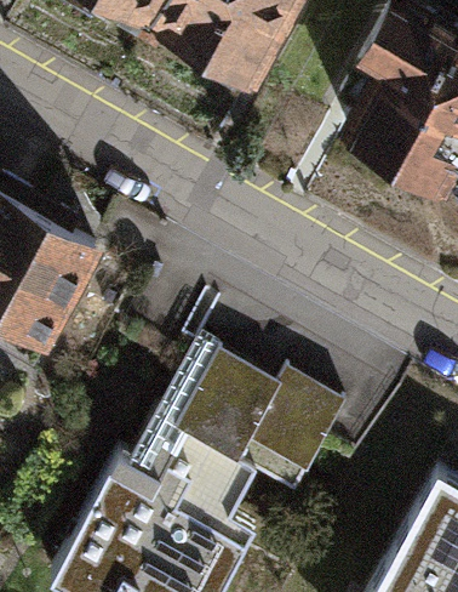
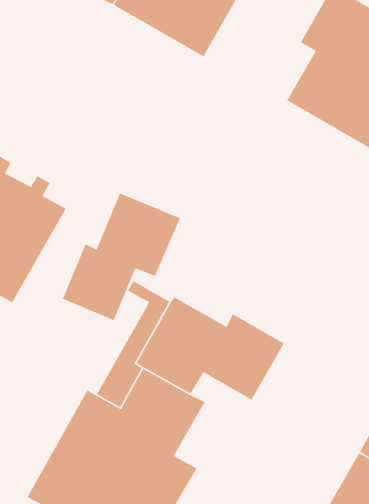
building: none -> [62,192,181,321]

